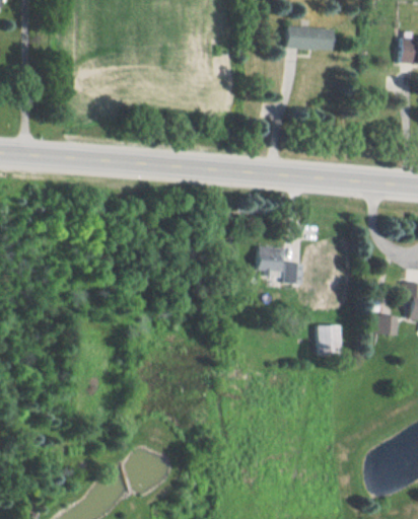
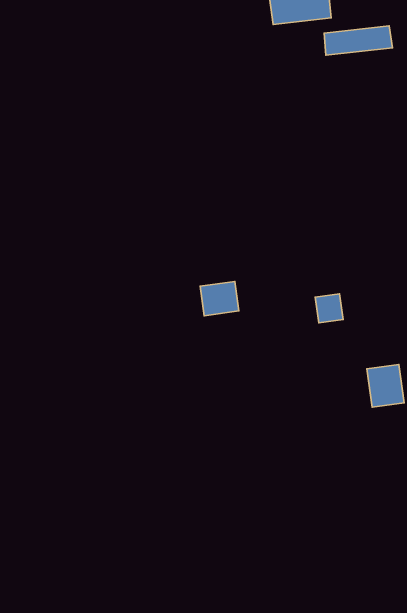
building: none -> [324,26,393,55]
building: [259,247,286,271] -> [200,281,239,316]

